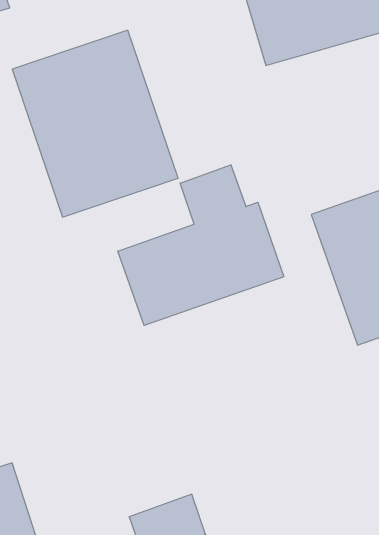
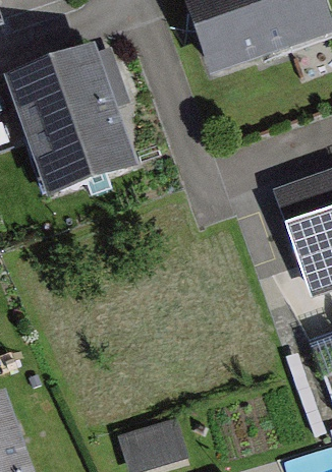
building: [118,165,284,325] -> none

